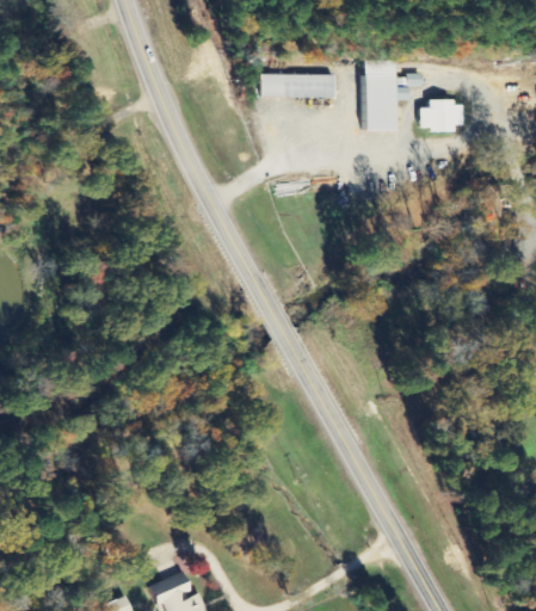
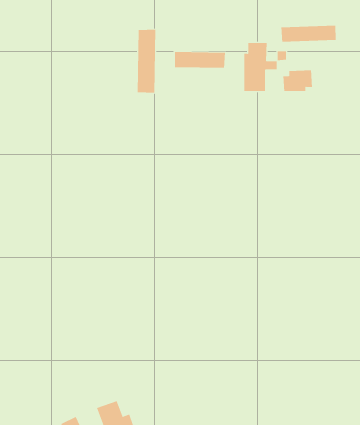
building: none -> [281,25,336,42]
building: none -> [137,29,156,93]

